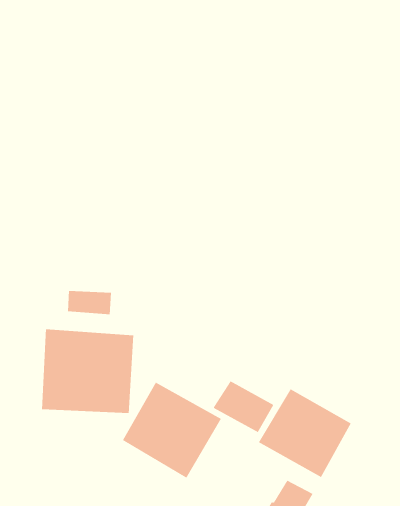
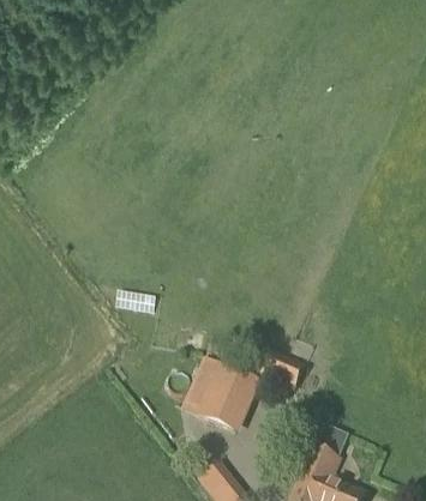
building: [41,329,134,414] -> none
building: [258,388,351,478] -> none

